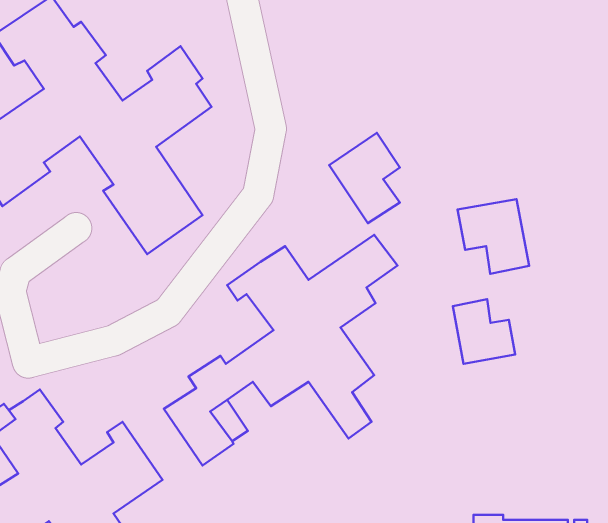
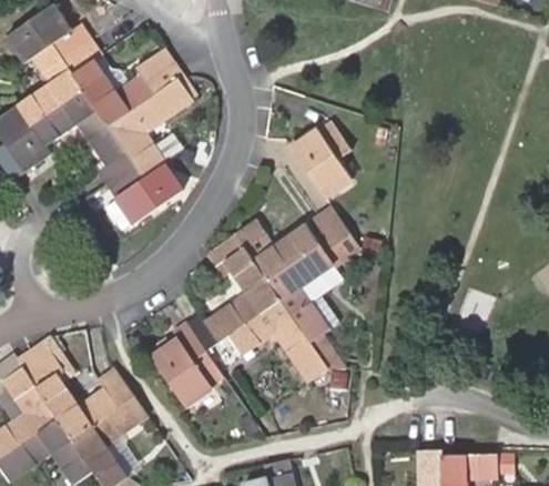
building: [458,199,529,274] -> none
building: [453,299,515,364] -> none

